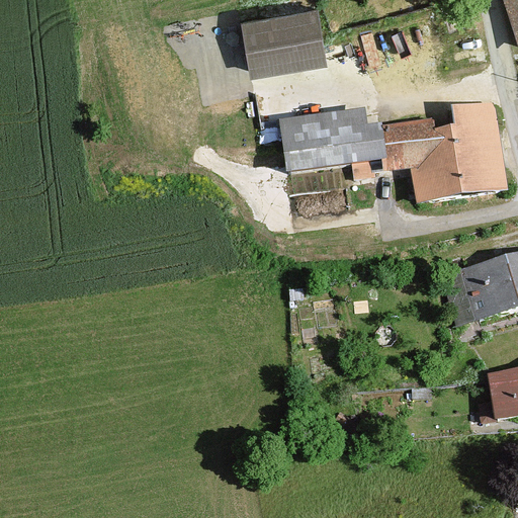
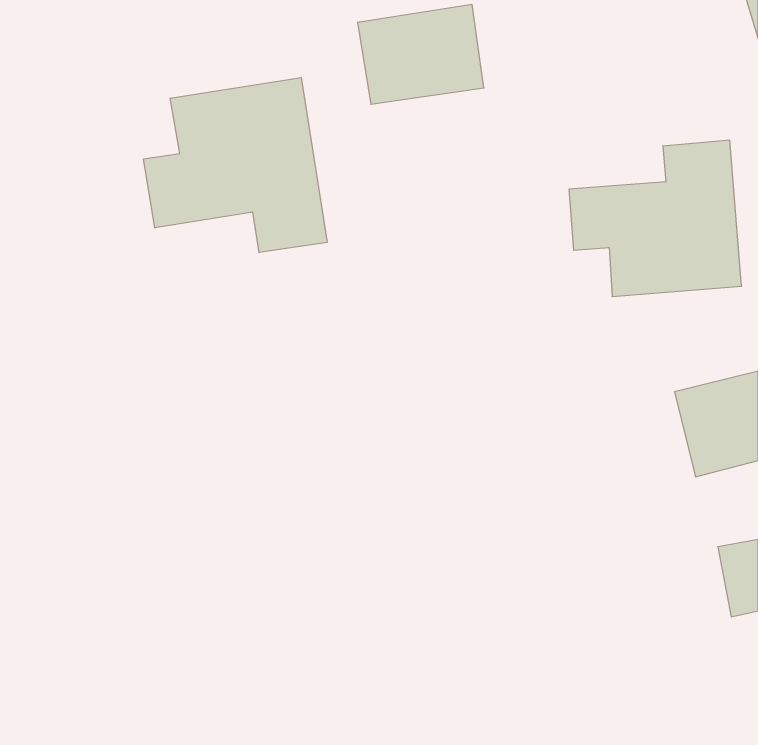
building: none -> [144,77,327,253]
building: [281,109,390,178] -> none

